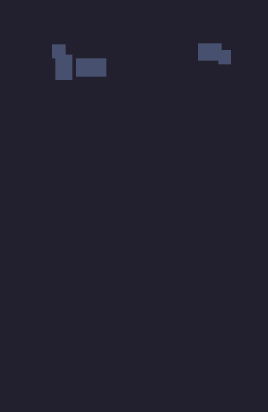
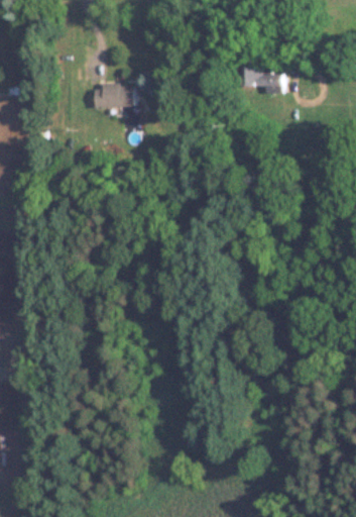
building: [51,44,73,81] -> none

